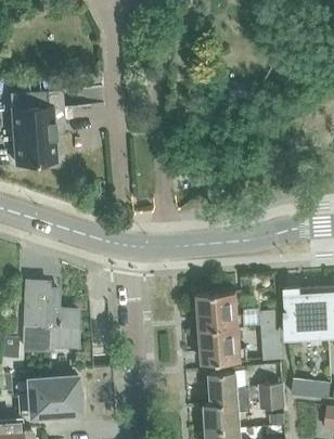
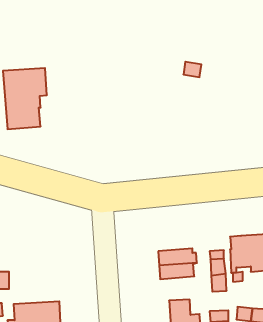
building: [29,282,77,346] -> none
building: [196,292,239,312] -> none
building: [200,343,247,363] -> none

